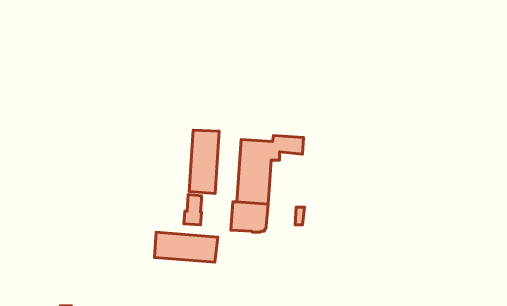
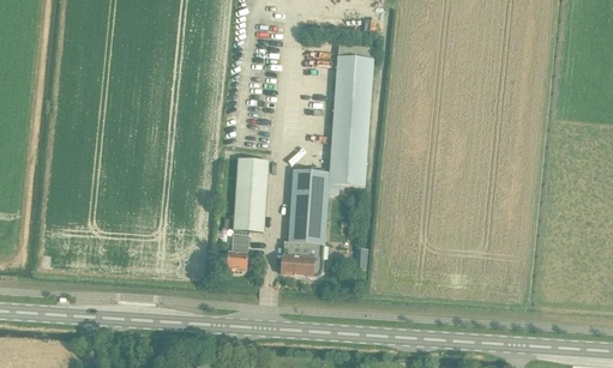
building: none -> [330,58,372,167]
building: [155,232,218,262] -> none

